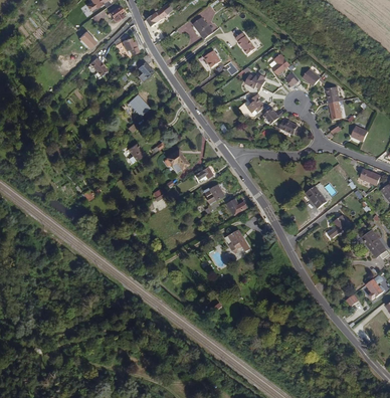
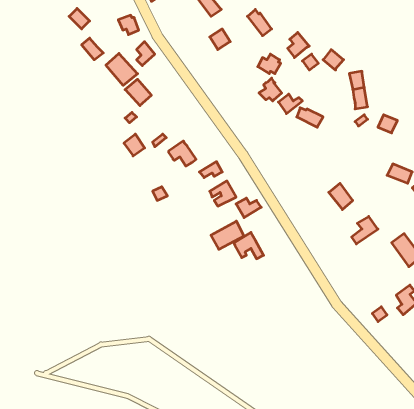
building: none -> [106,53,138,85]
building: none -> [211,221,244,249]

